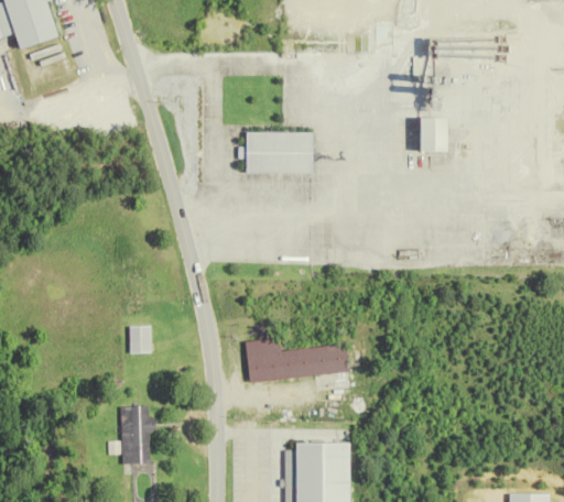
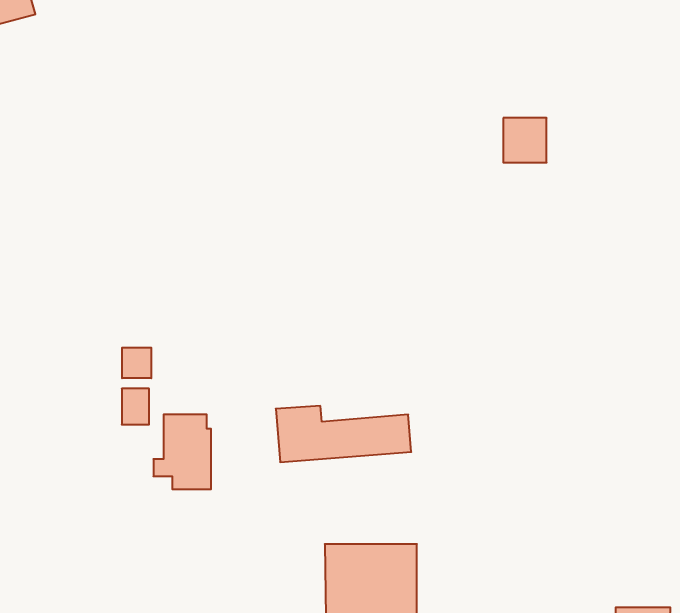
building: [247,131,313,173] -> none
building: none -> [122,348,151,378]
building: [107,406,151,463] -> [153,414,211,489]

